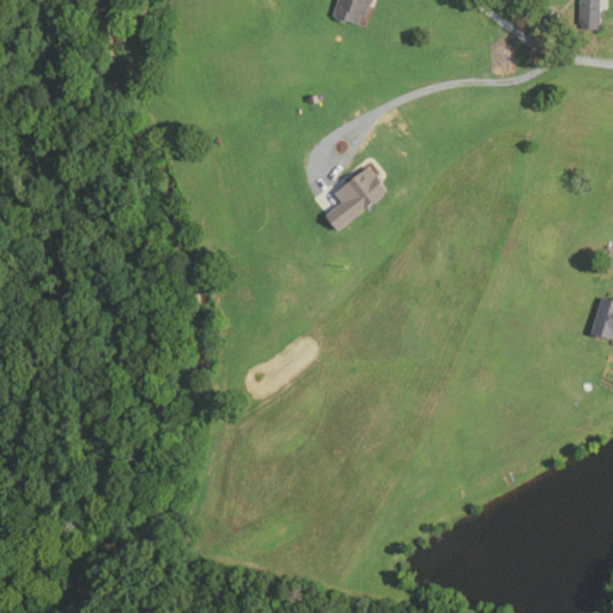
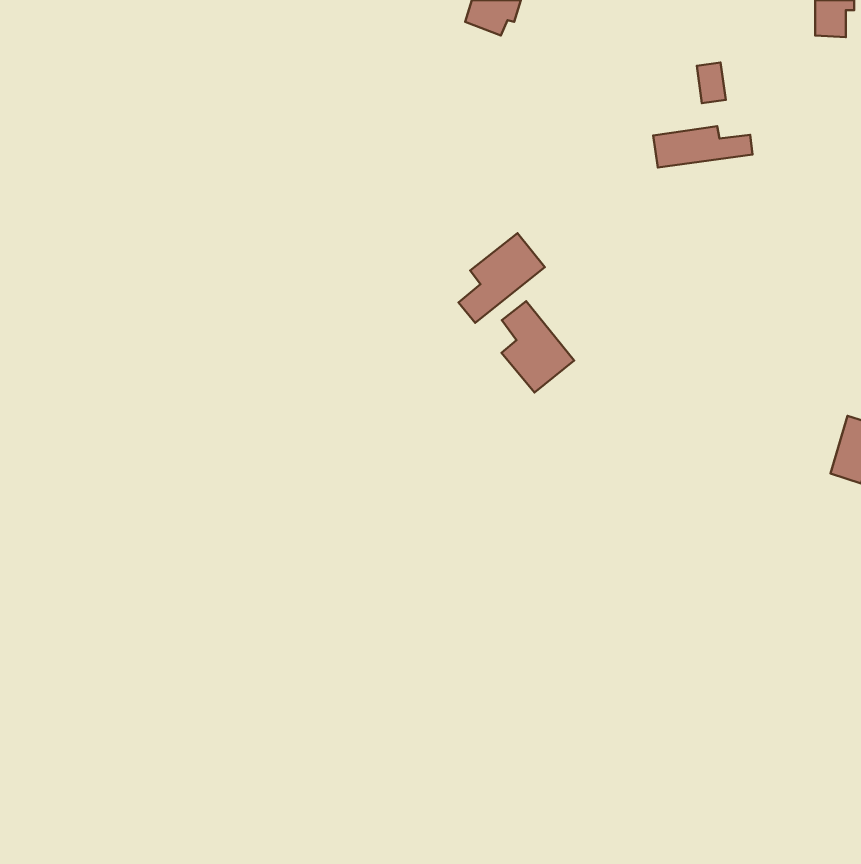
building: none -> [653,126,752,168]
building: none -> [501,301,574,393]

